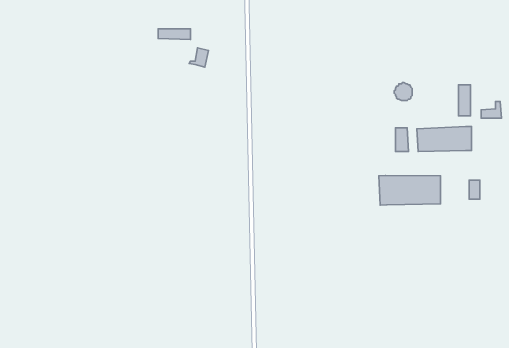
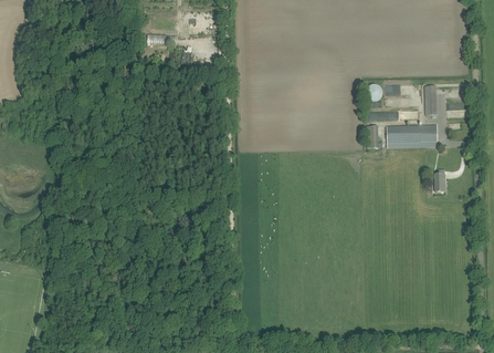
building: [379,175,440,205] -> none

